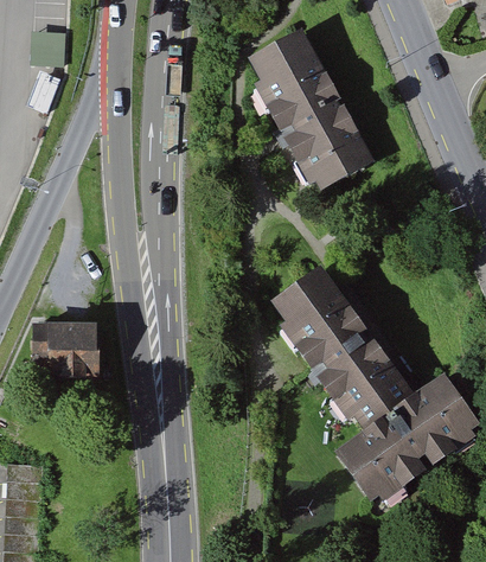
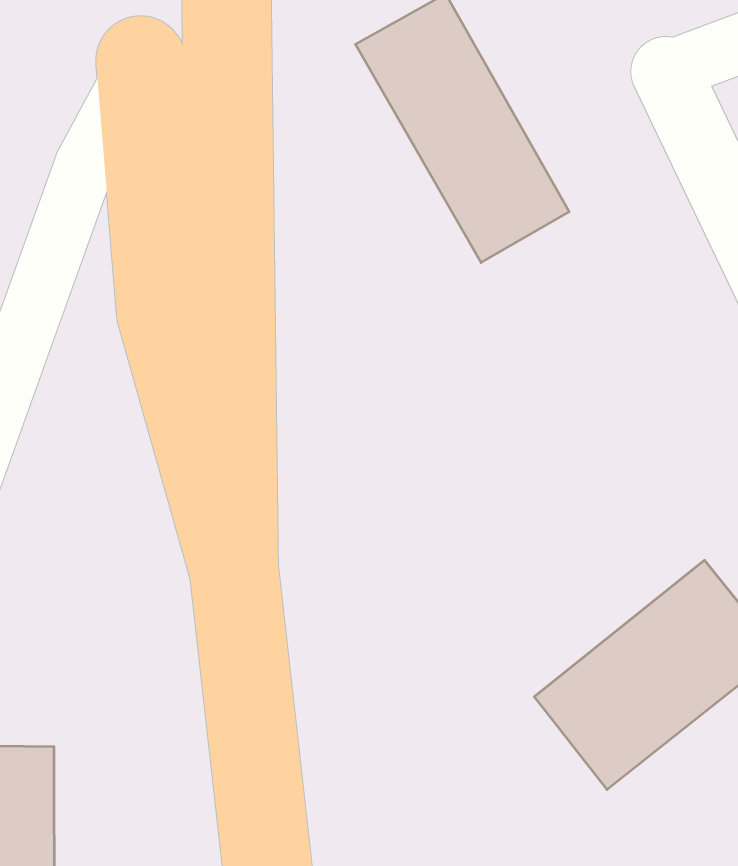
building: [262,260,407,423] -> none
building: [33,325,96,373] -> none

